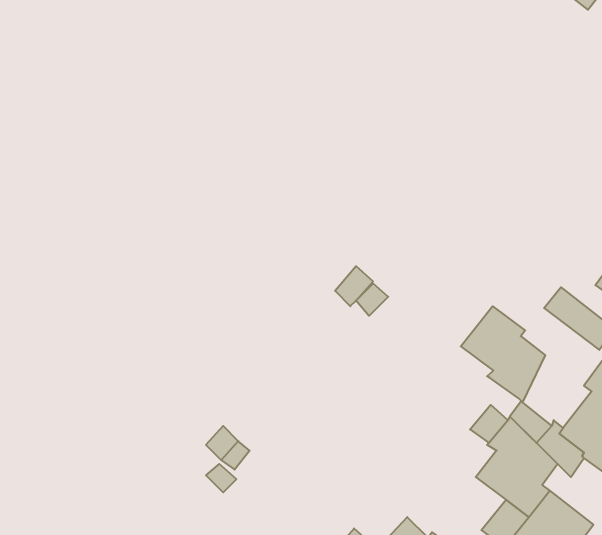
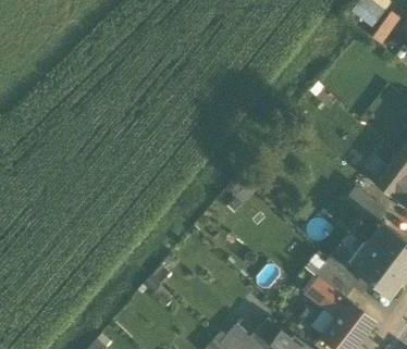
building: [461,306,545,402] -> none

